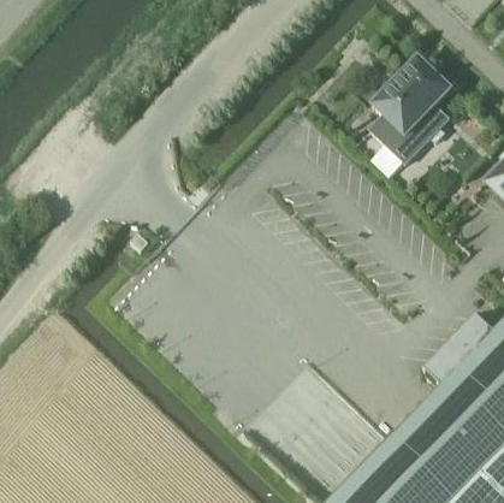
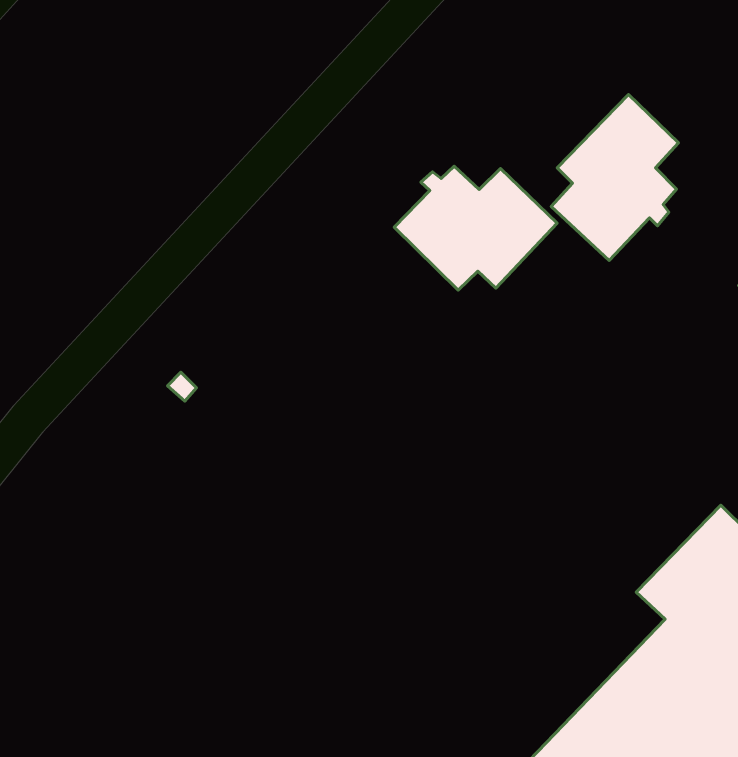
building: none -> [394,166,557,290]

